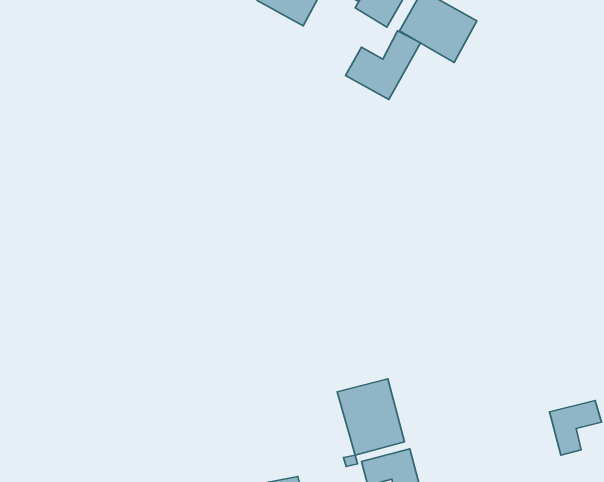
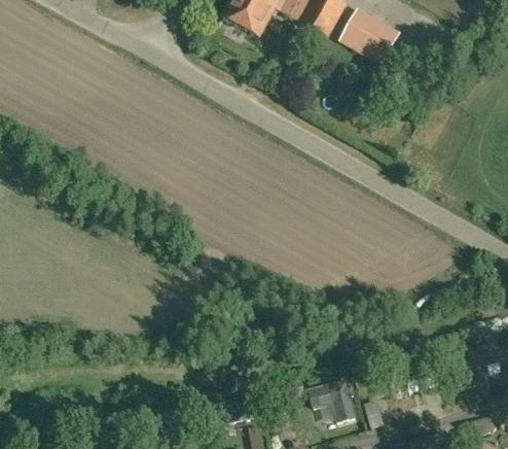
building: [346,31,420,100] -> none
building: [337,379,404,455] -> none

